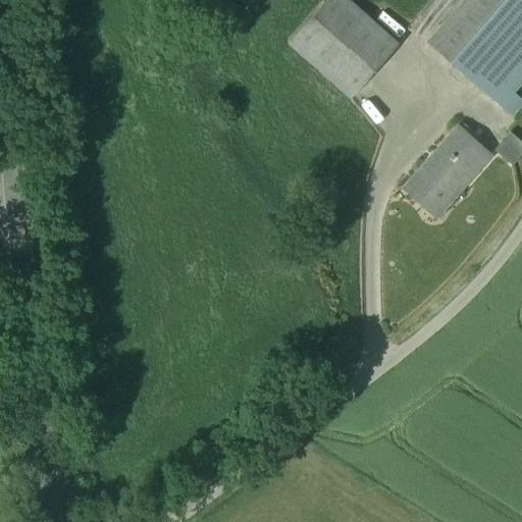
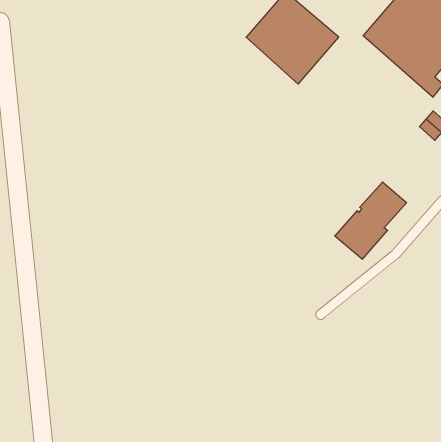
building: [405,125,489,216] -> [335,182,407,259]

